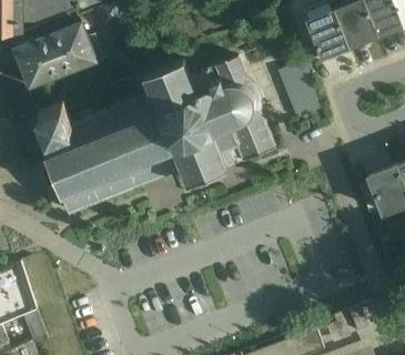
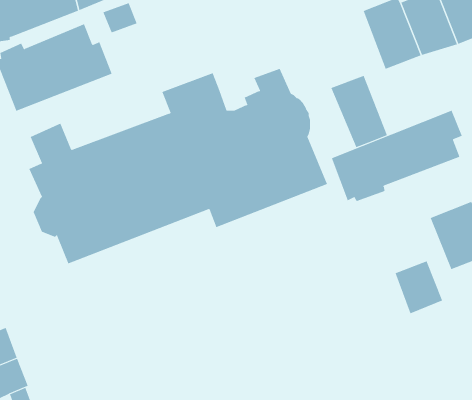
building: none -> [331,110,462,202]
building: none -> [395,261,443,314]

